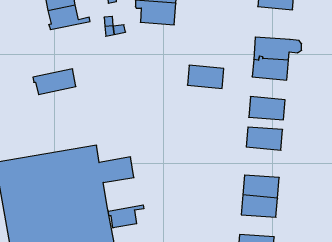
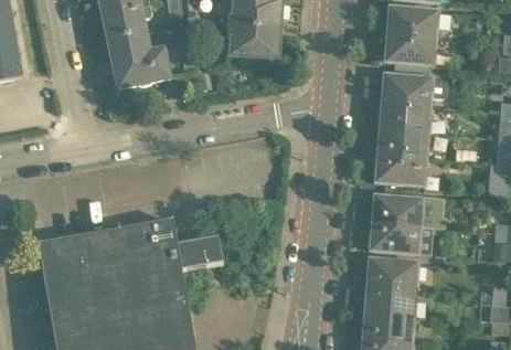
building: none -> [385,32,434,63]
building: [187,65,224,88] -> [377,126,426,157]
building: [33,69,76,95] -> [110,52,168,86]
building: none -> [370,220,432,252]
building: [109,205,144,228] -> none
building: none -> [363,310,412,340]

